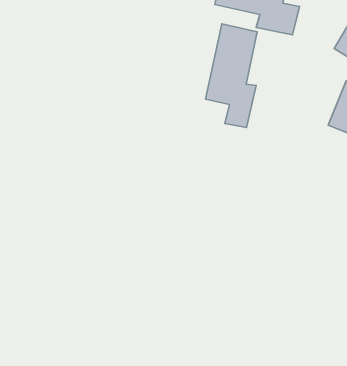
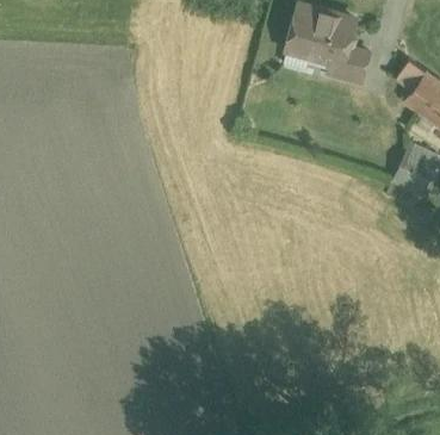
building: [206,24,257,128] -> none

